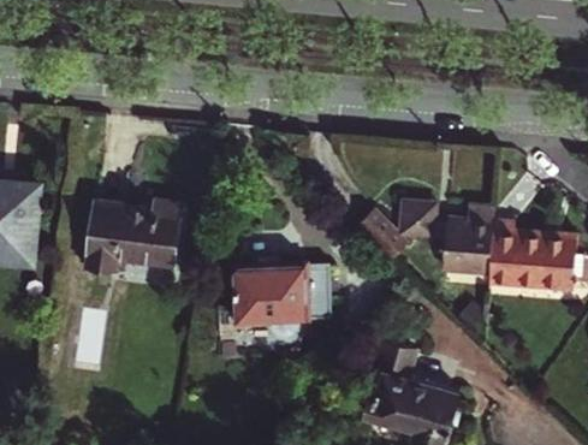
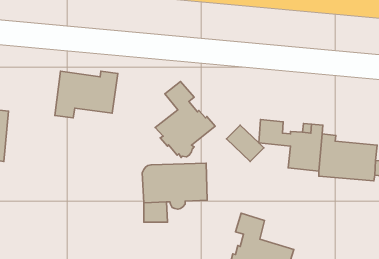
building: none -> [155,82,215,157]
building: [84,203,178,273] -> [55,71,118,118]

